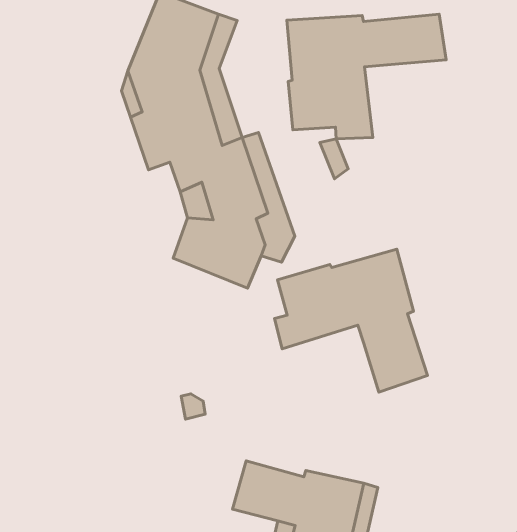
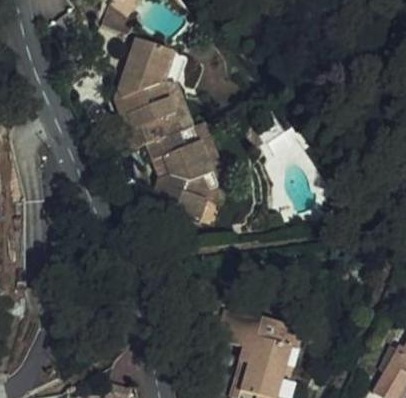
building: [287,14,446,139] -> none
building: [275,249,427,392] -> none

